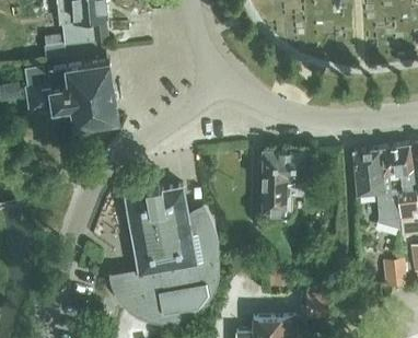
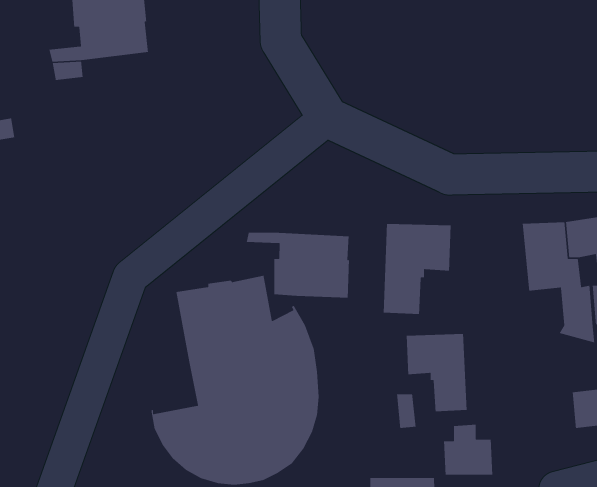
building: [24,60,117,125] -> none
building: none -> [246,232,350,298]
building: none -> [406,333,467,412]

